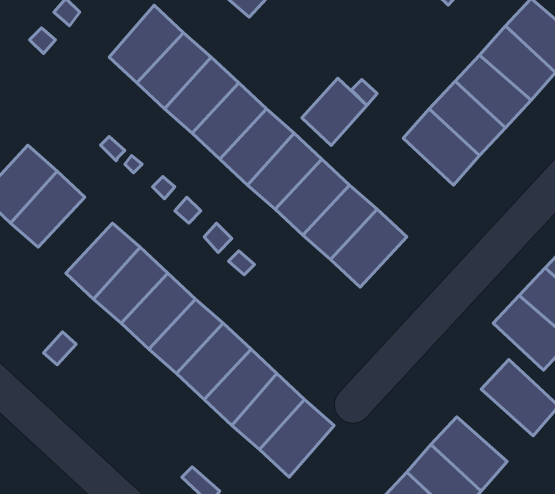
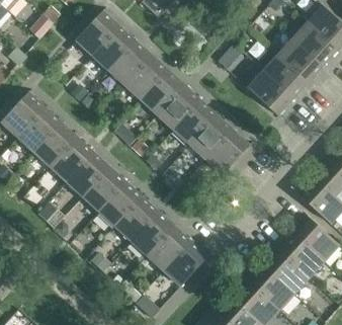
building: [302,78,367,145] -> none
building: none -> [34,123,78,167]
building: none -> [279,235,324,277]

